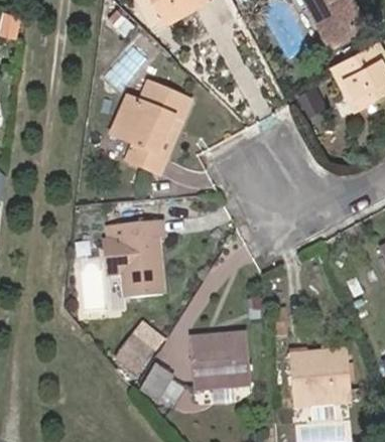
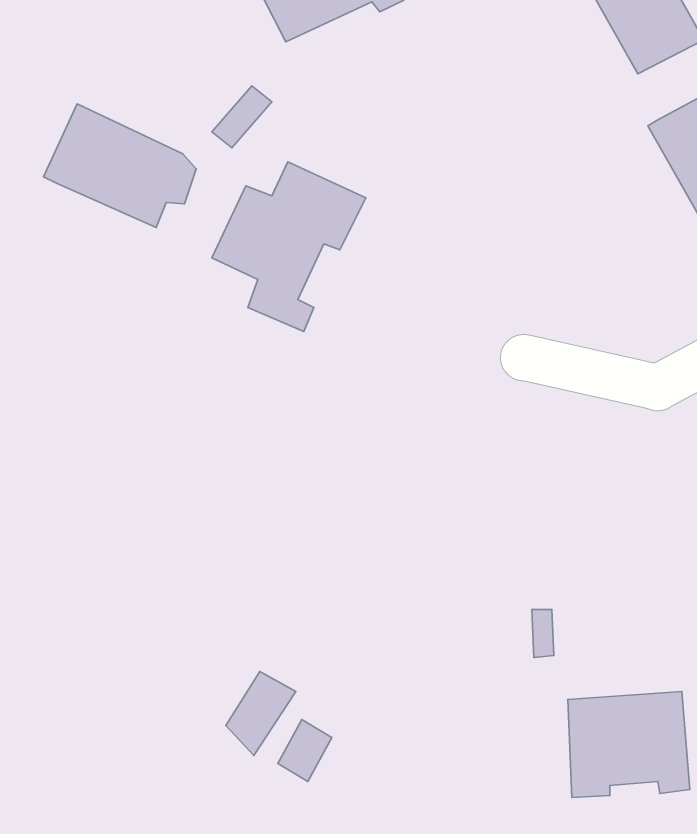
building: none -> [44,104,196,227]
building: [115,217,159,289] -> none
building: [189,331,250,383] -> none

